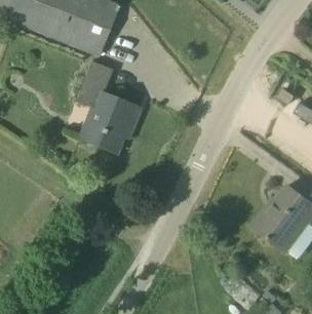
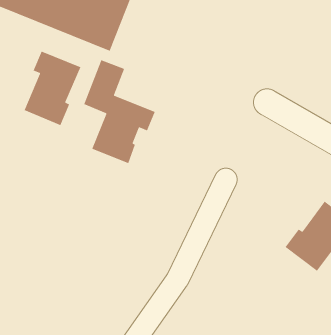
building: none -> [24,50,82,126]

